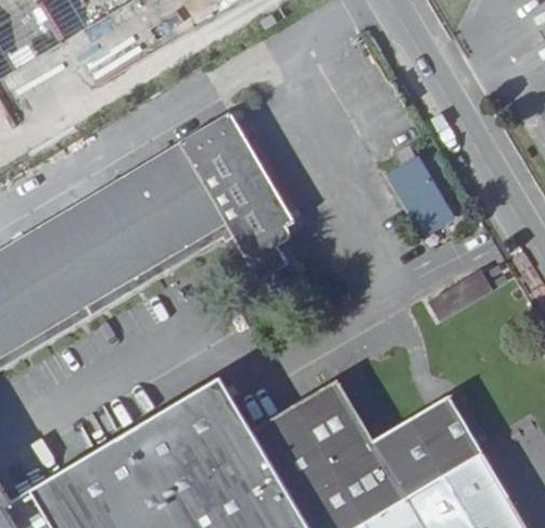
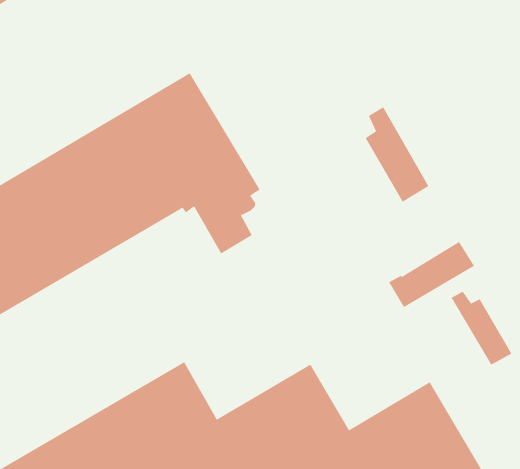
building: none -> [451,291,512,365]

